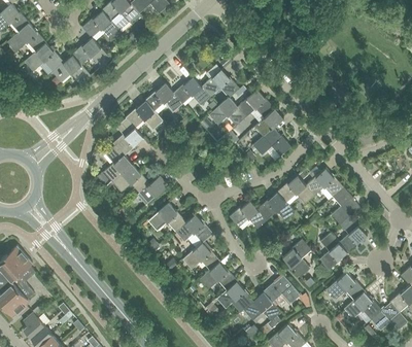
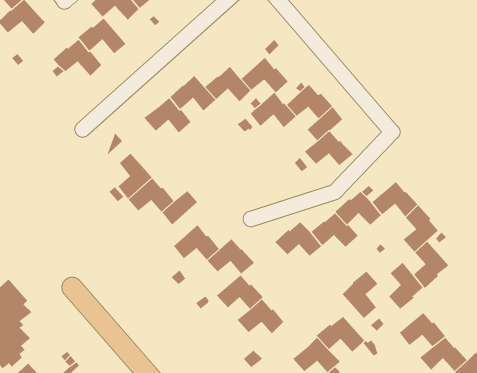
building: [24,42,63,71] -> none
building: [113,118,142,155] -> none
building: [215,280,253,309] -> none

